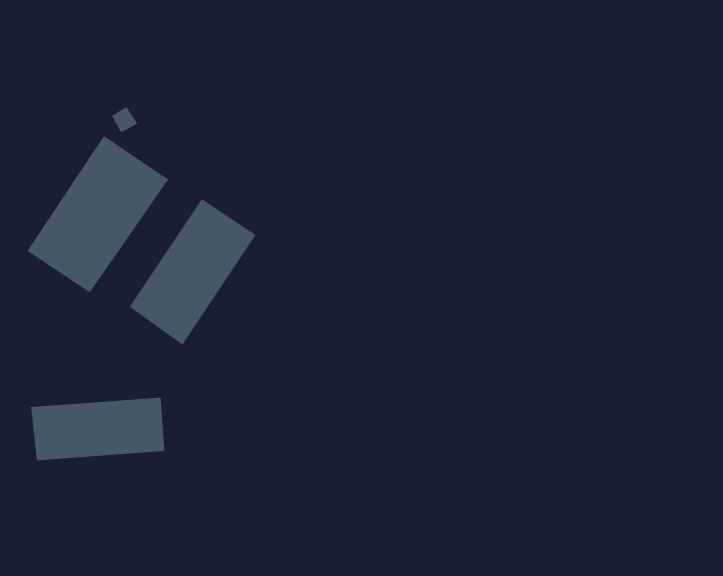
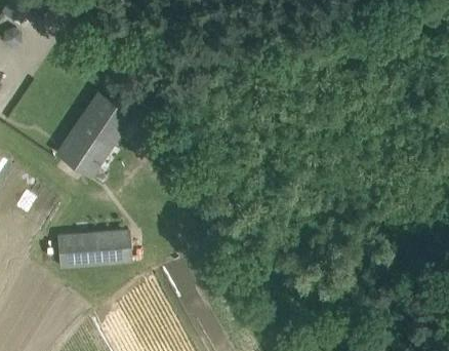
building: [129,198,257,345] -> none

